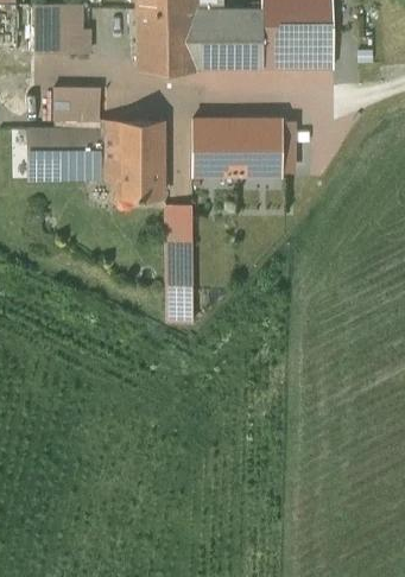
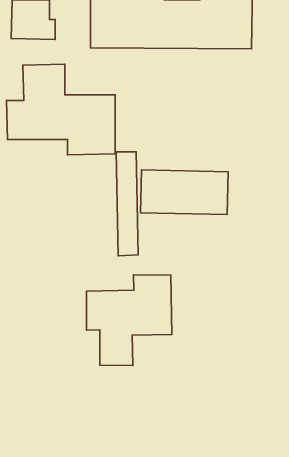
building: [195,118,304,173] -> [141,170,228,215]
building: none -> [86,275,172,366]

